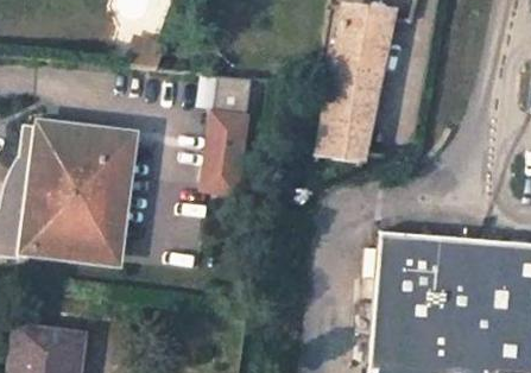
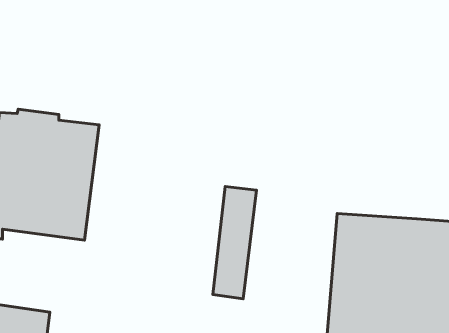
building: [299,11,396,164] -> none
building: [206,76,252,195] -> [213,187,257,299]

